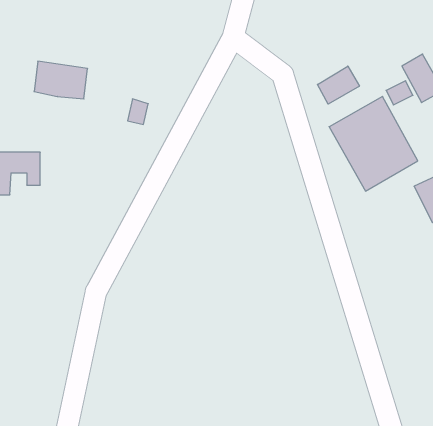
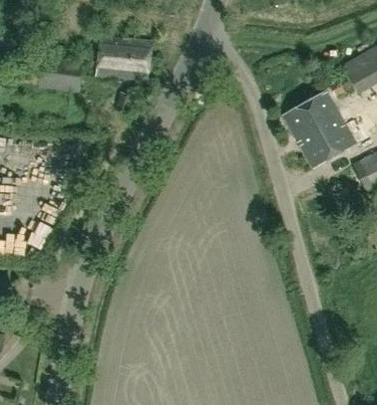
building: none -> [96,36,150,81]
building: [317,66,359,104] -> none

